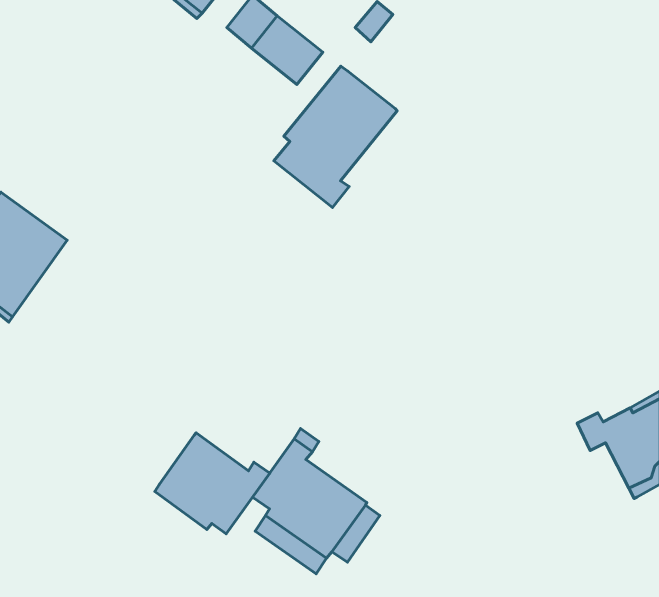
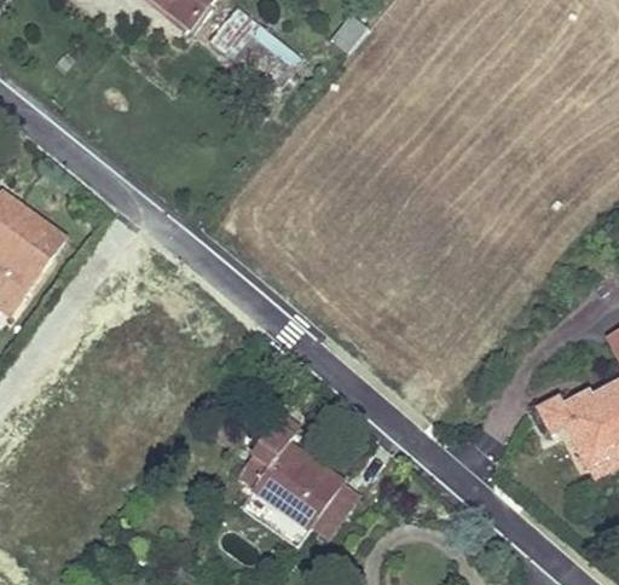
building: [274,66,397,208] -> none
building: [155,433,270,534] -> none

